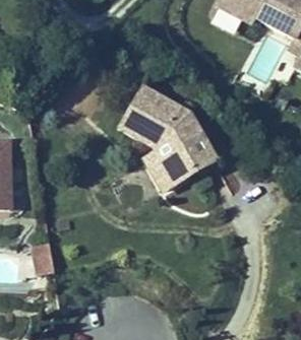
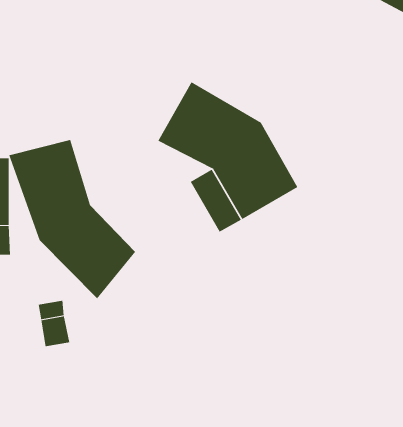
building: none -> [9,139,136,299]

